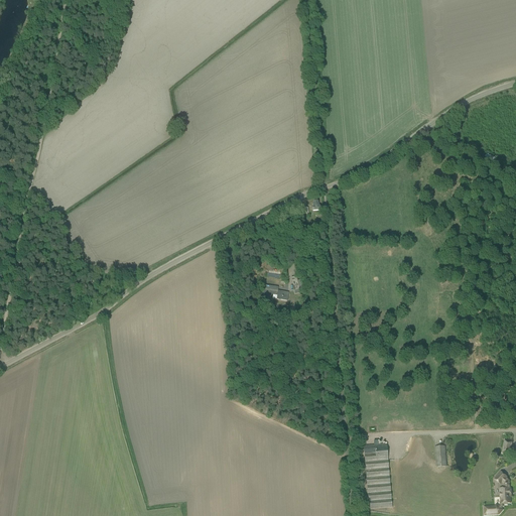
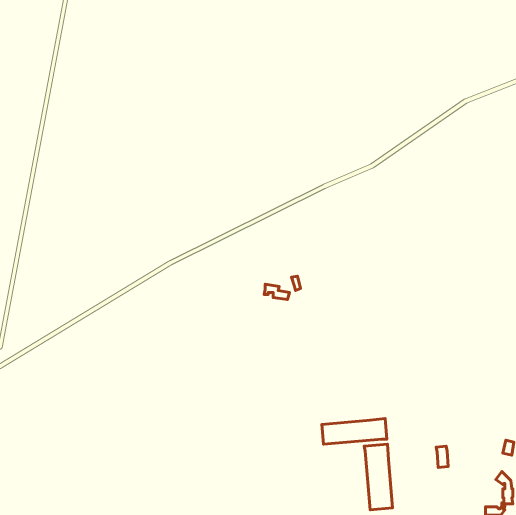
building: none -> [322,419,387,444]

